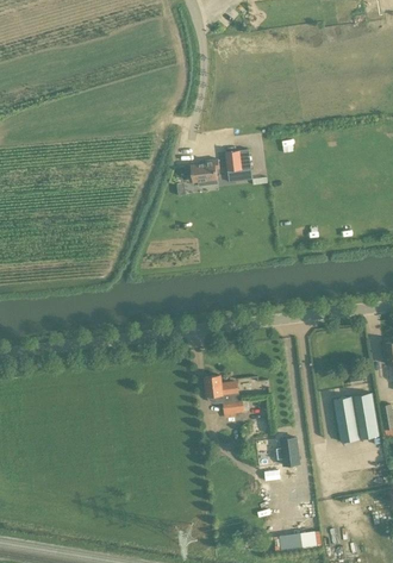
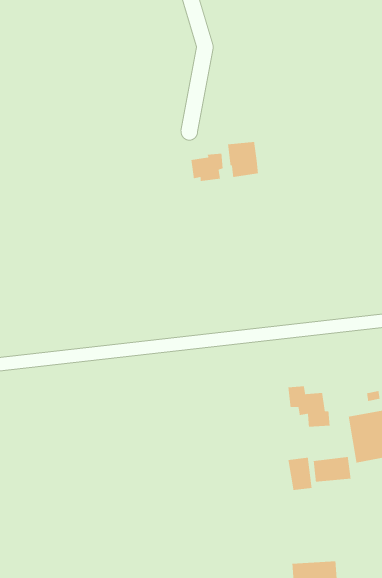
building: [204,375,243,413] -> [287,386,331,428]
building: none -> [313,456,352,482]

